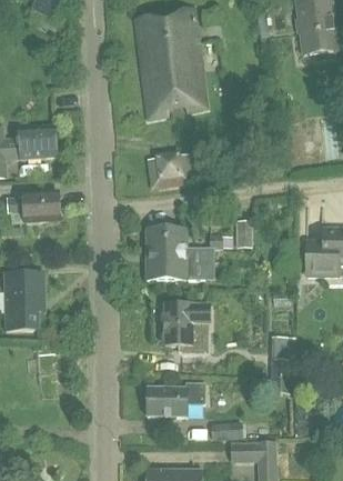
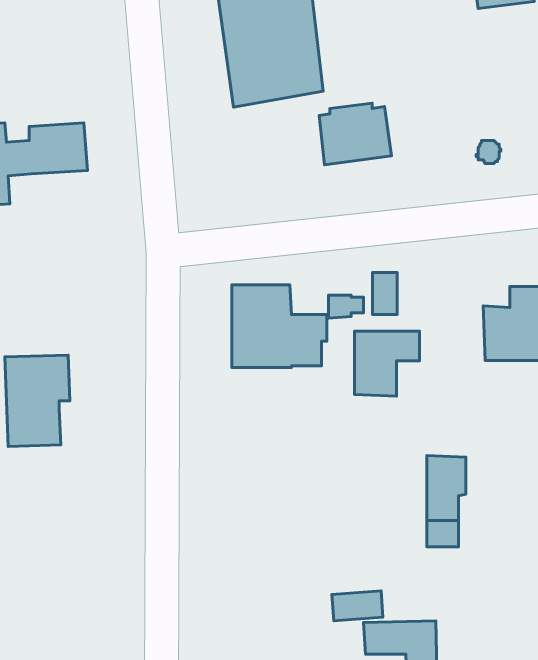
building: [148,149,193,188] -> [319,103,391,165]
building: [7,190,60,222] -> none
building: [165,303,206,344] -> [354,331,419,396]
building: [148,381,204,415] -> none

